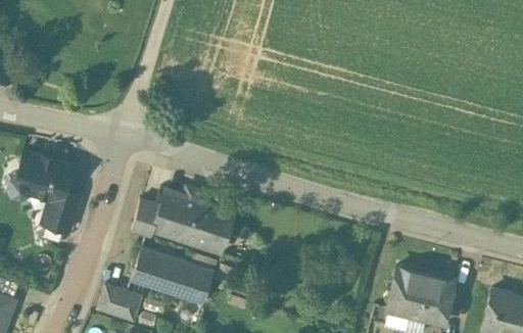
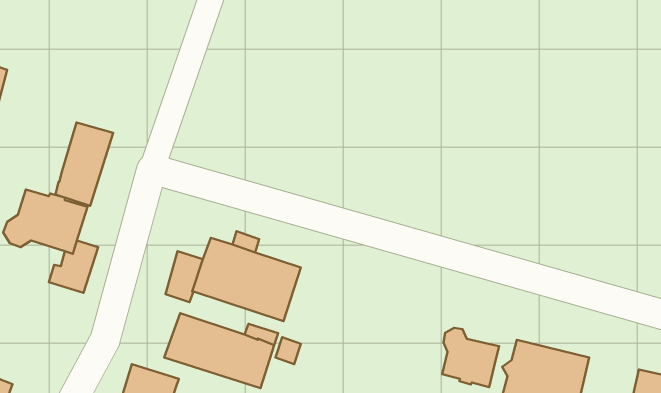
building: none -> [56,123,113,206]
building: none -> [442,328,499,387]

